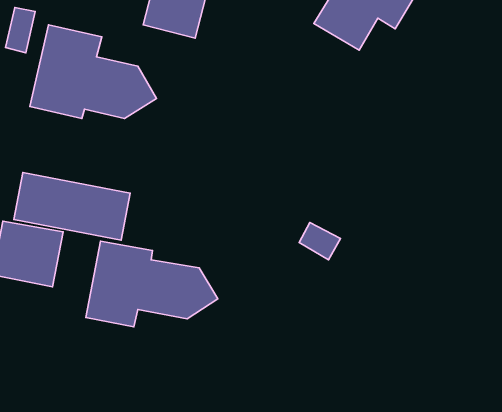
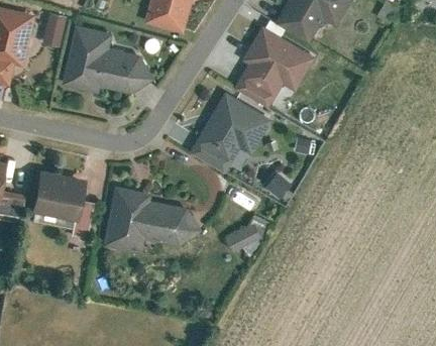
building: none -> [235,27,316,107]
building: none -> [192,95,272,175]
building: [14,172,130,240] -> none
building: none -> [228,212,267,253]

